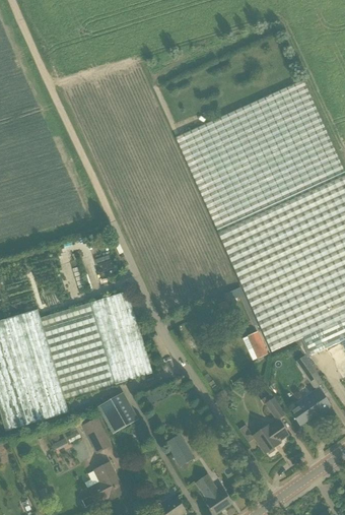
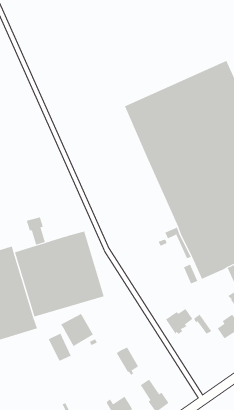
building: none -> [26,217,46,245]
building: [254,422,288,454] -> [165,308,193,334]
building: [82,462,125,507] -> none

